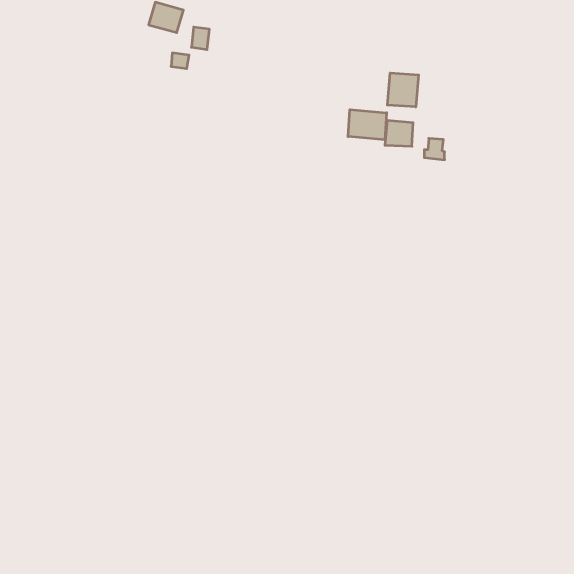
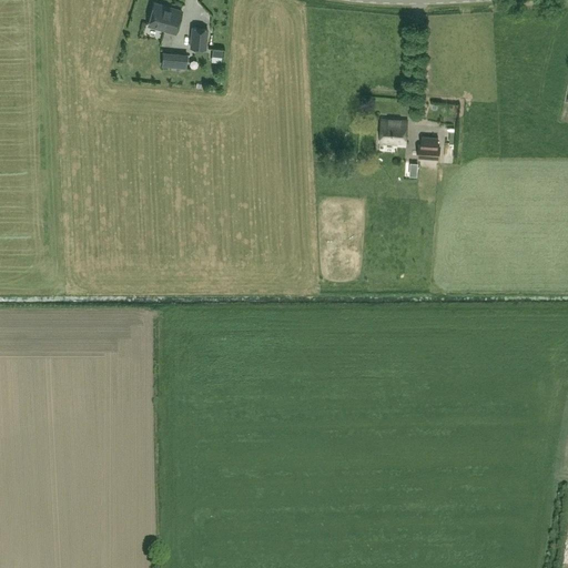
building: [387,73,419,107] -> none
building: [348,110,387,140] -> none

